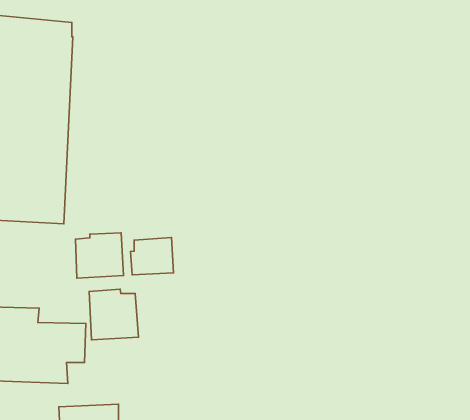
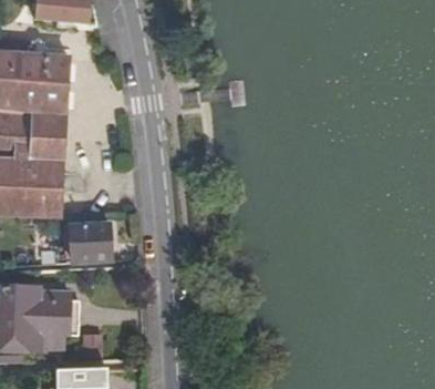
building: [131,237,174,275] -> none
building: [89,289,138,340] -> none

